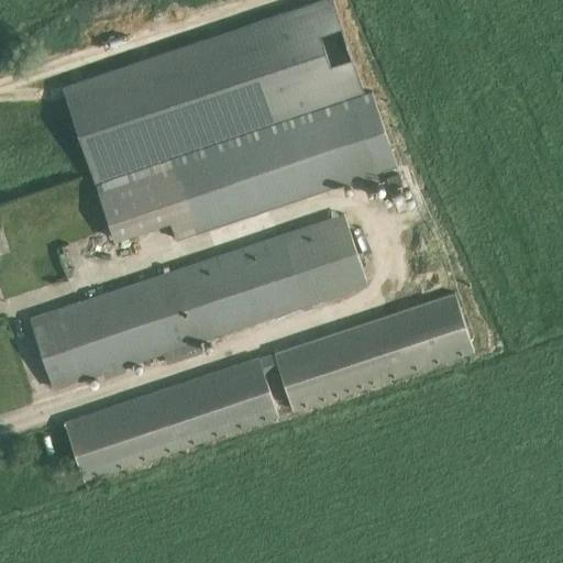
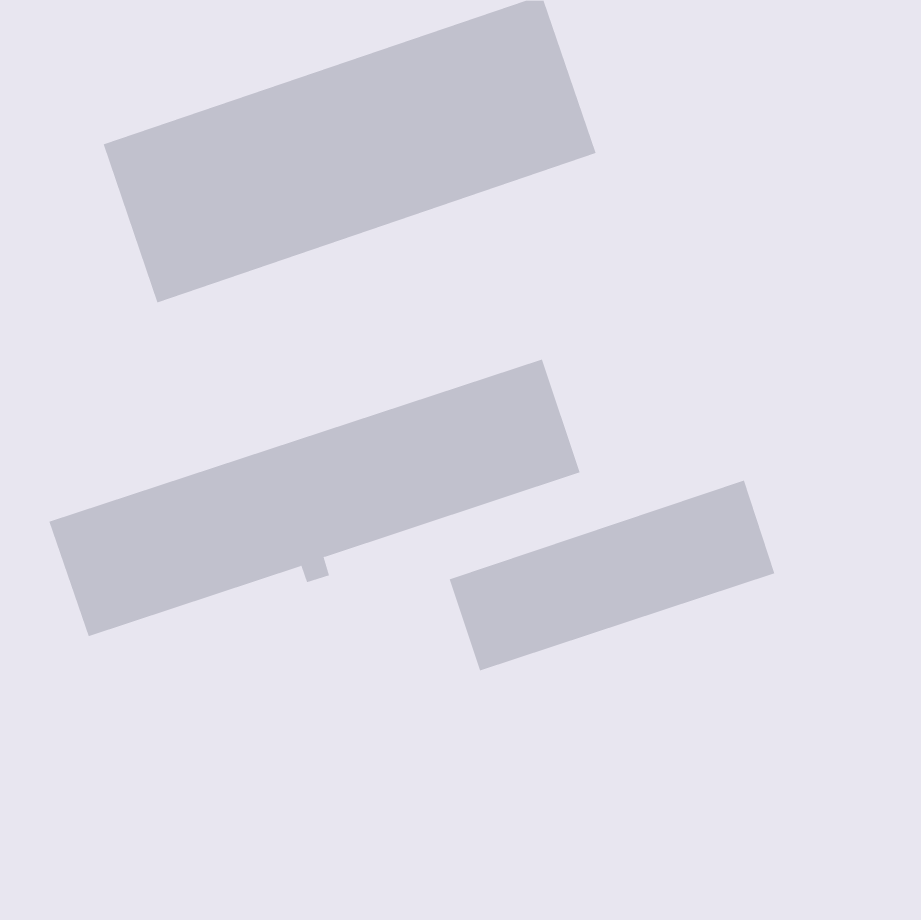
building: [96,92,396,240] -> none
building: [65,354,279,481] -> none

